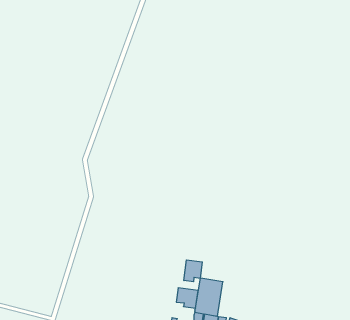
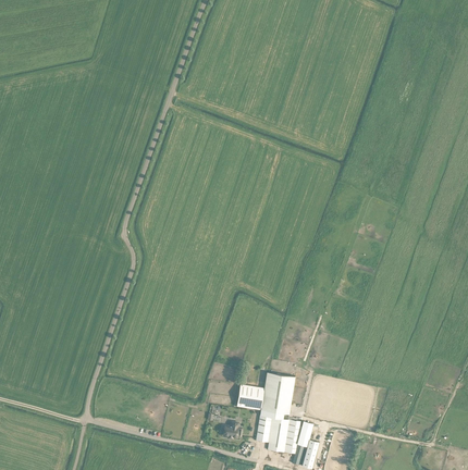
building: [184,260,202,282] -> none

